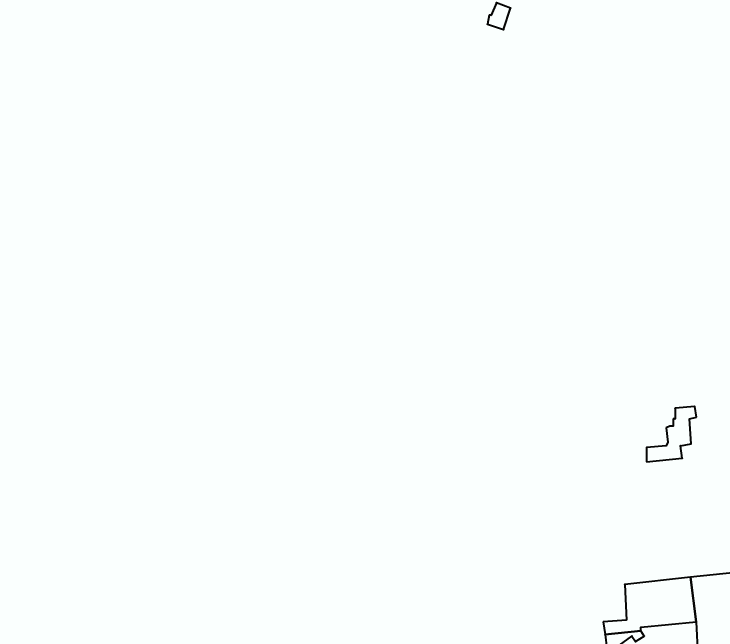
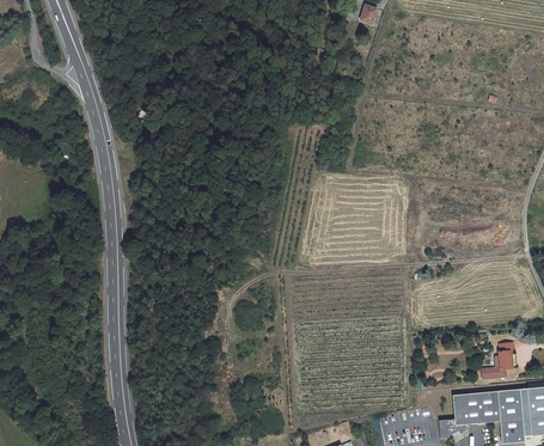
building: [647,406,696,462] -> [481,342,514,379]

